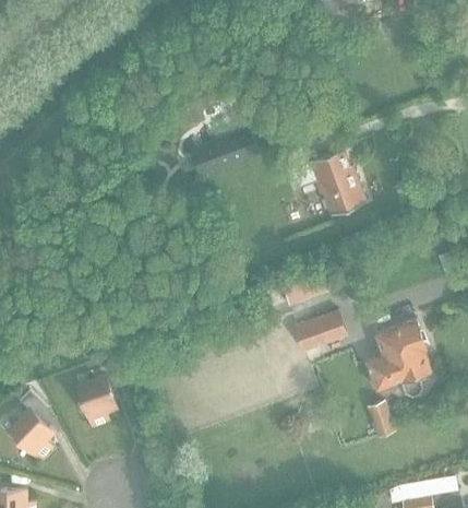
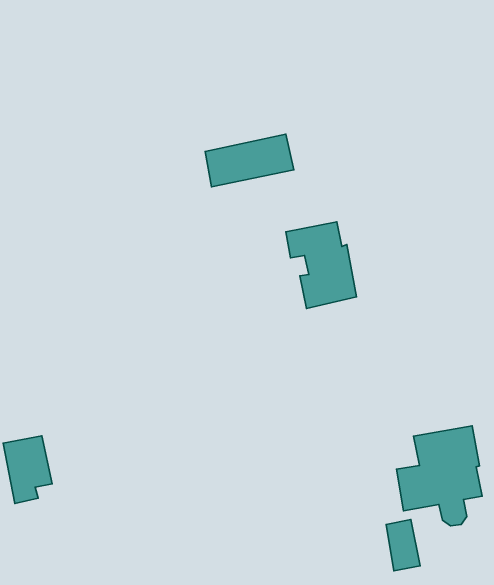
building: [307,150,365,216] -> [286,222,356,308]
building: [293,309,347,353] -> none

